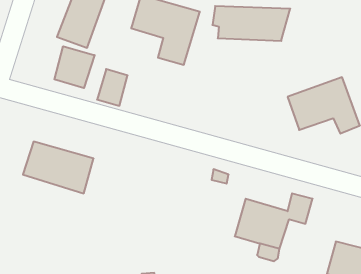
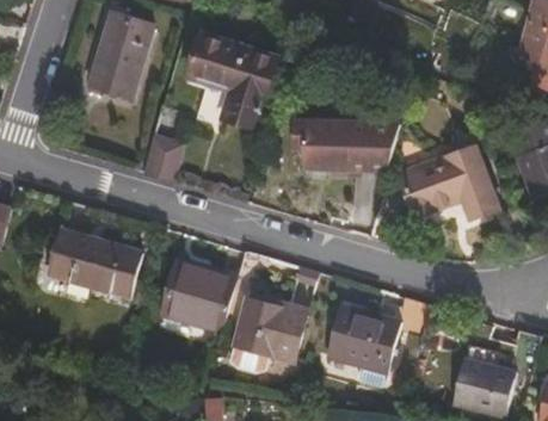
building: [212,6,290,41] -> [293,120,396,167]
building: [54,46,95,88] -> none
building: none -> [158,261,236,332]
building: none -> [226,295,303,370]

